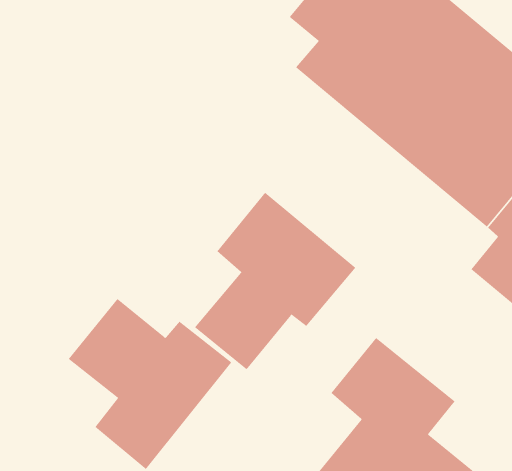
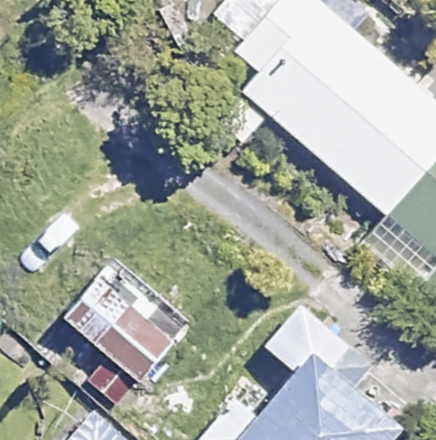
building: [194,192,356,370] -> none

